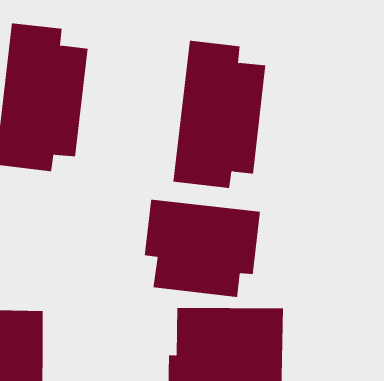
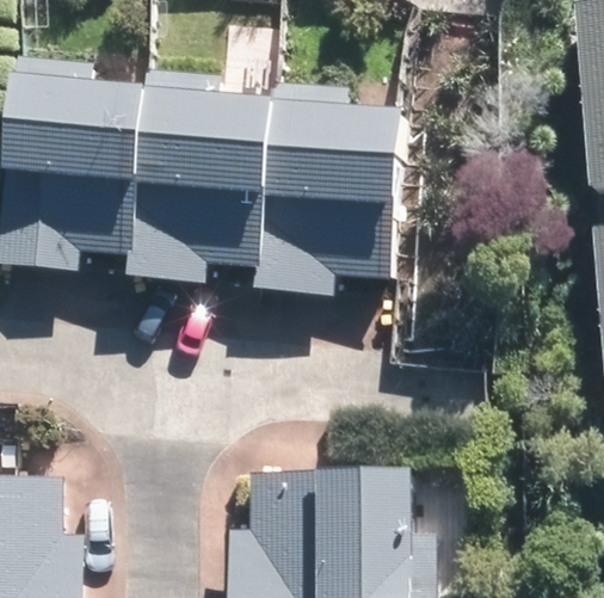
building: none -> [122,73,255,285]
building: [144,199,261,298] -> none

